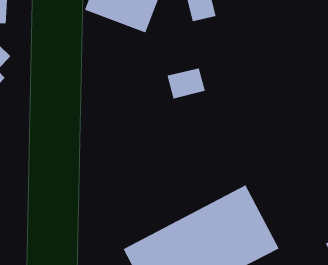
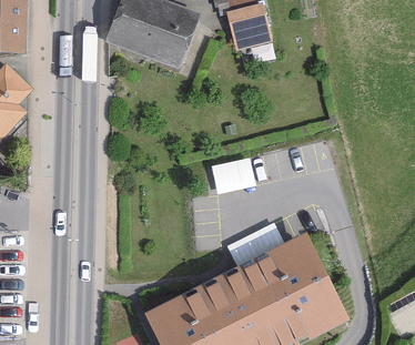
building: [166,68,206,100] -> [211,154,257,192]
building: none -> [227,222,285,262]

